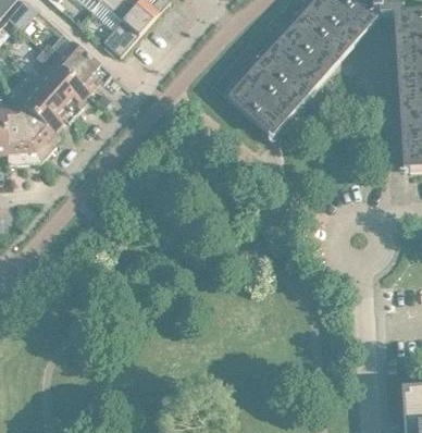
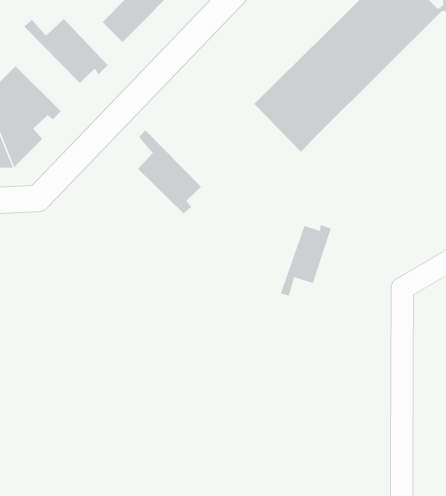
building: [35,48,88,113] -> [137,130,202,214]
building: none -> [280,224,332,296]

